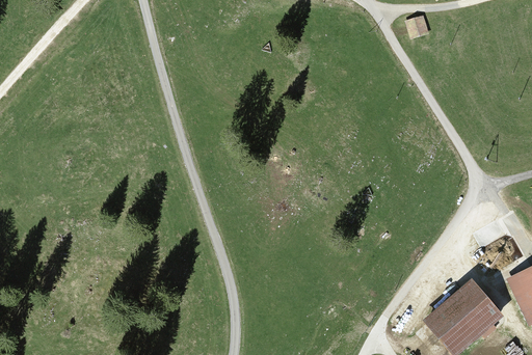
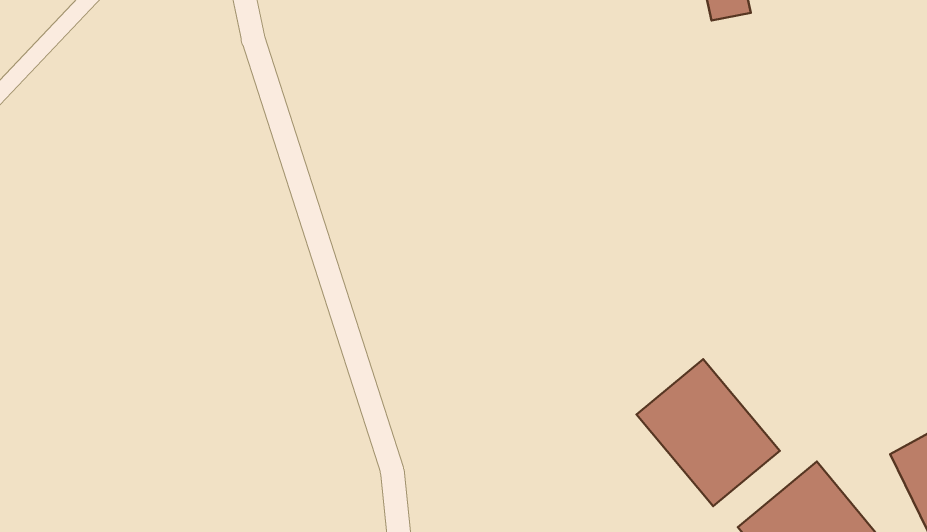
building: none -> [637,359,780,506]

